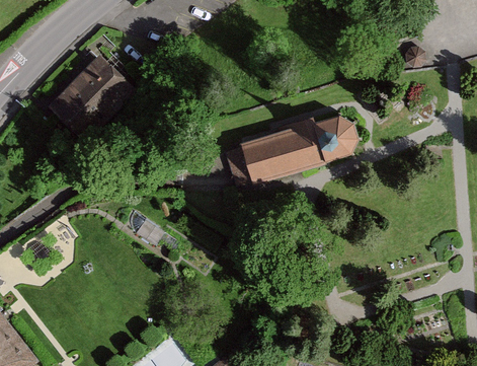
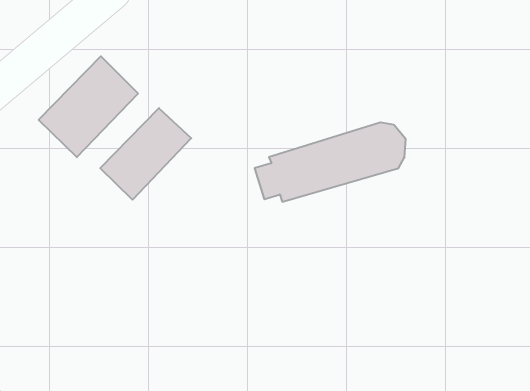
building: none -> [100,108,191,200]

